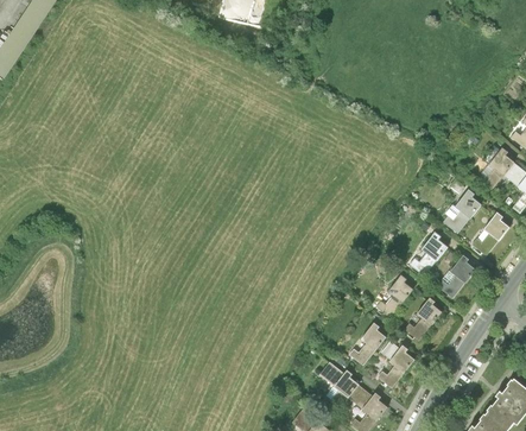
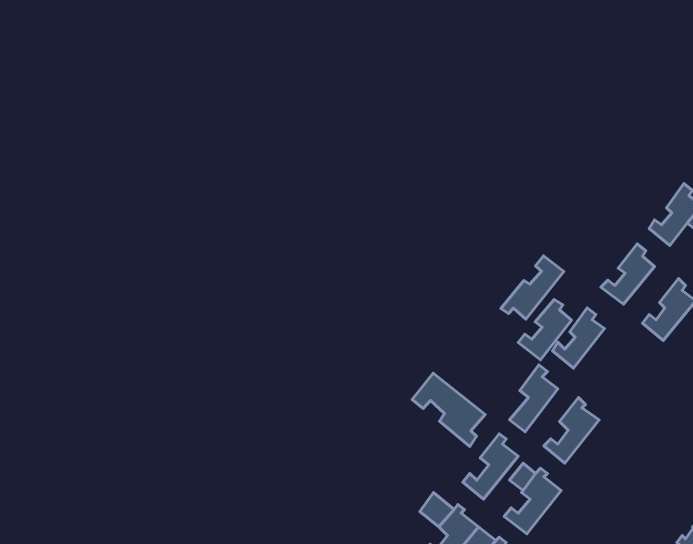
building: none -> [501,256,564,319]
building: [437,256,474,298] -> [518,300,572,360]
building: none -> [412,373,485,447]

